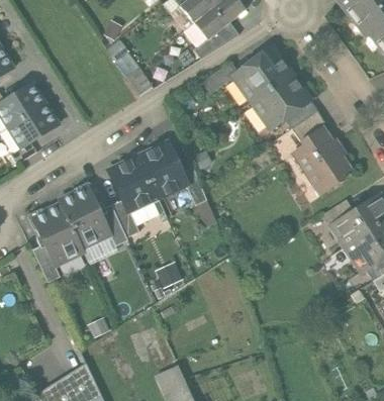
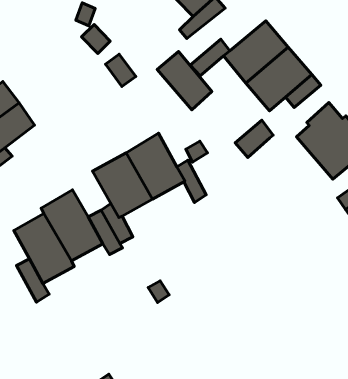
building: none -> [157,52,212,110]
building: [292,110,326,142] -> [235,120,273,158]

